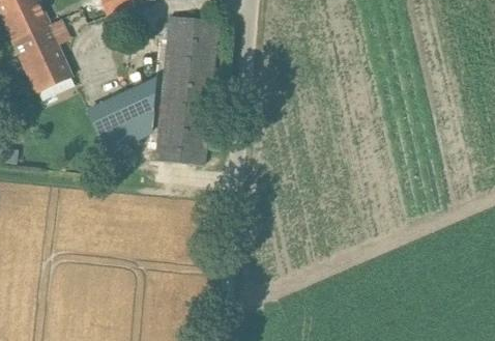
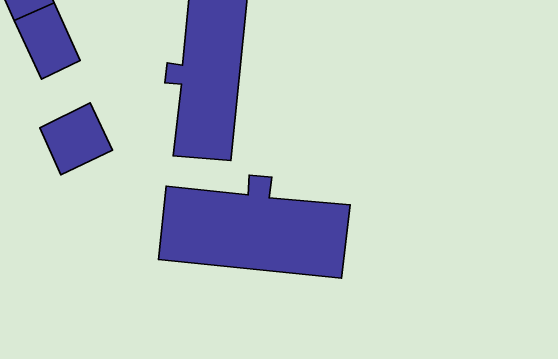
building: [88,88,152,151] -> [40,103,113,175]
building: none -> [159,175,350,278]

